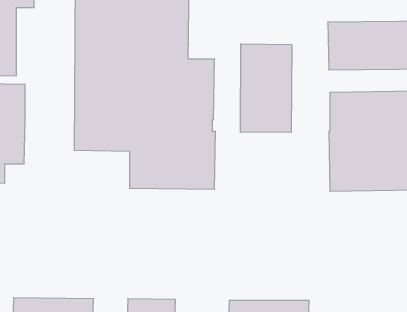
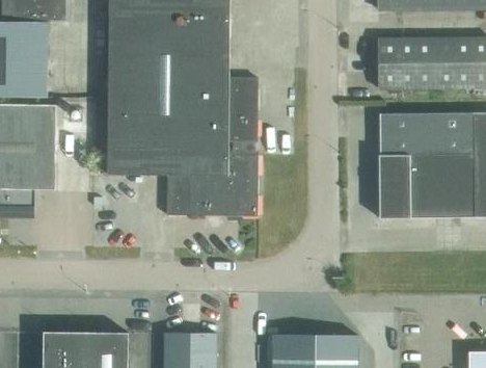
building: [240,44,292,132] -> none

